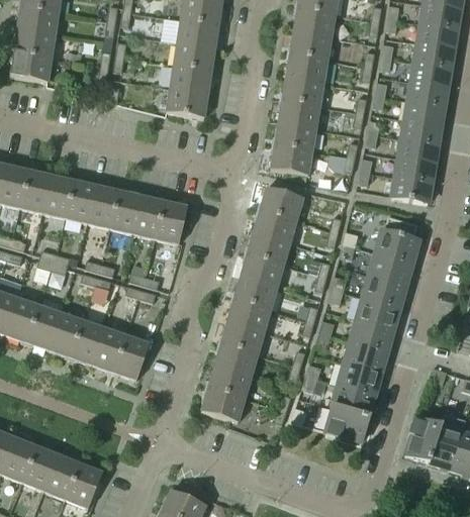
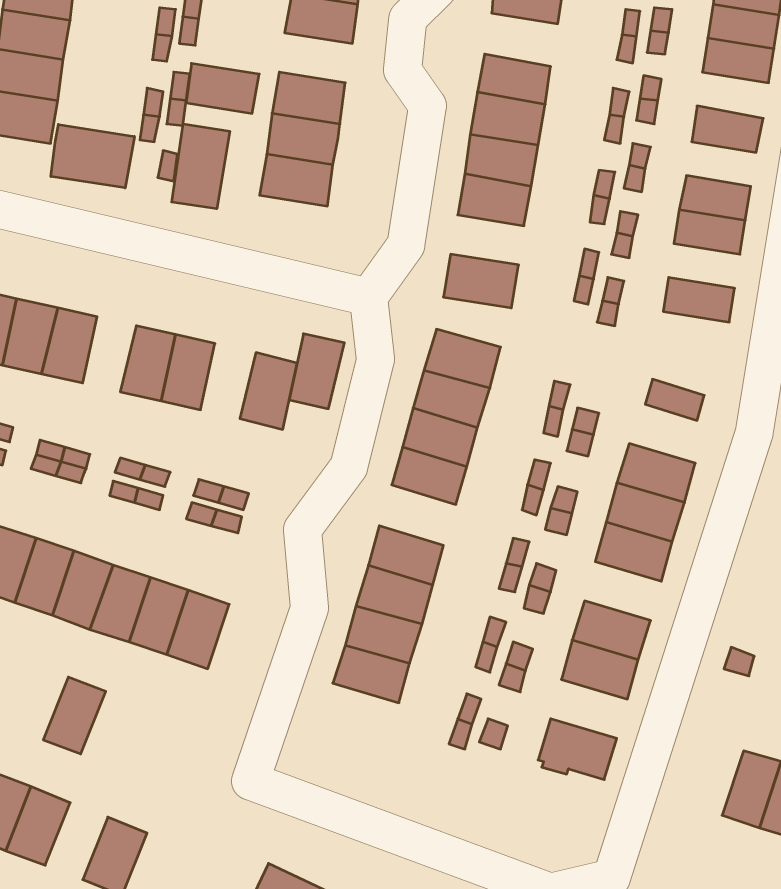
building: [293,8,335,38] -> none
building: [177,19,218,47] -> [186,63,259,113]
building: [413,41,454,68] -> none
building: none -> [172,124,230,209]
building: none -> [51,124,134,188]
building: [407,81,447,106] -> none
building: [274,122,315,150] -> none
building: [397,138,438,164] -> none
building: [391,177,432,203] -> none
building: [66,180,96,222] -> none
building: [132,195,164,237] -> [289,334,344,409]
building: [375,228,418,263] -> none
building: [233,275,277,309] -> none
building: [350,318,393,351] -> none
building: [331,385,374,418] -> none
building: [201,387,245,421] -> none
building: [404,417,440,461] -> none
building: [44,454,80,498] -> [43,677,106,754]

